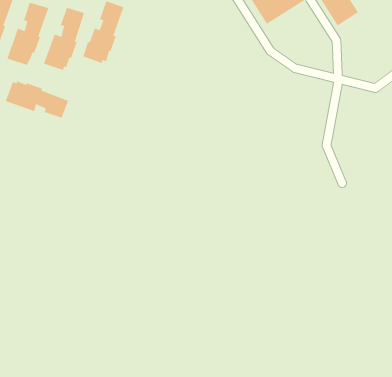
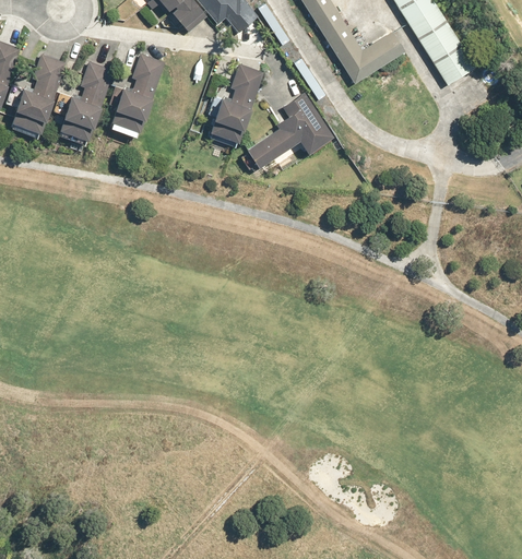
building: none -> [207,62,263,143]
building: none -> [239,93,333,169]
building: [5,81,69,119] -> none

